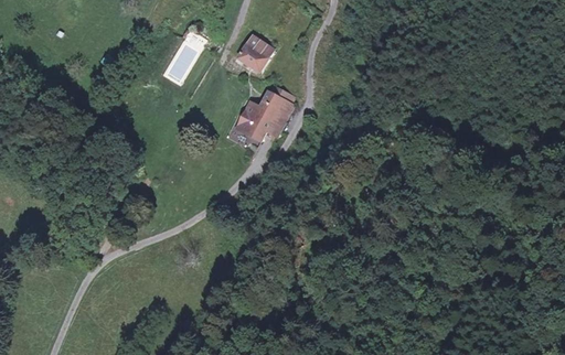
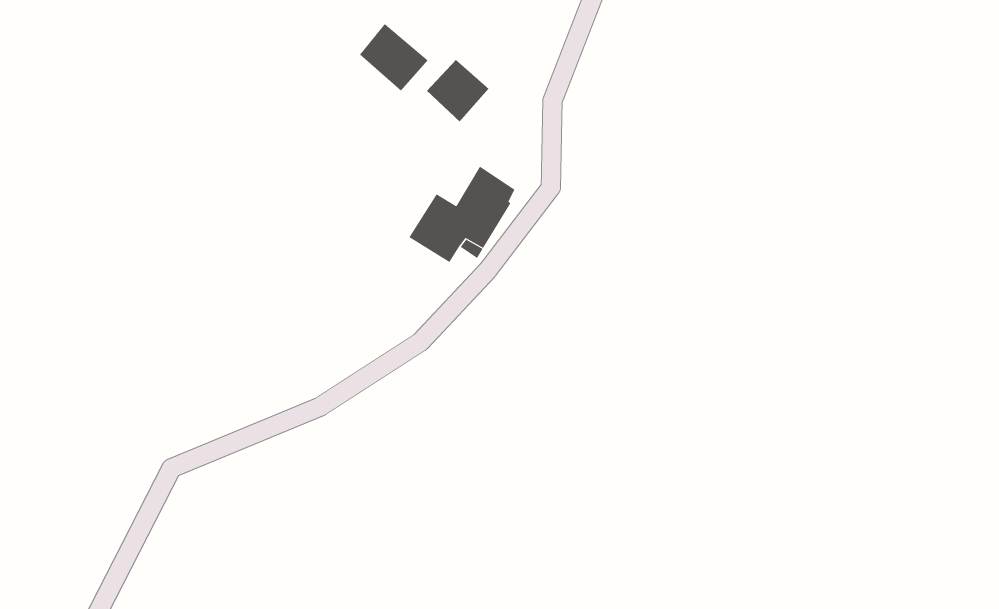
building: none -> [359,23,429,92]

